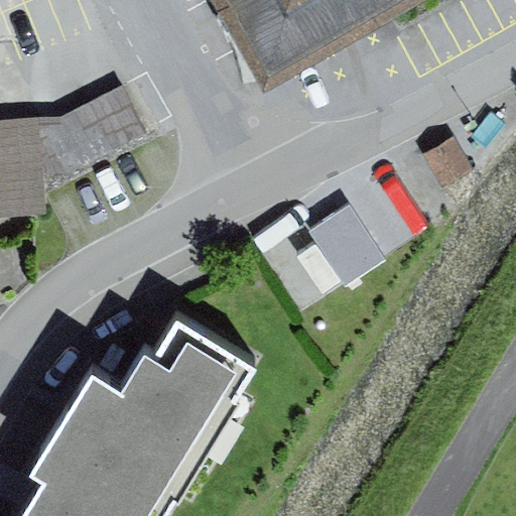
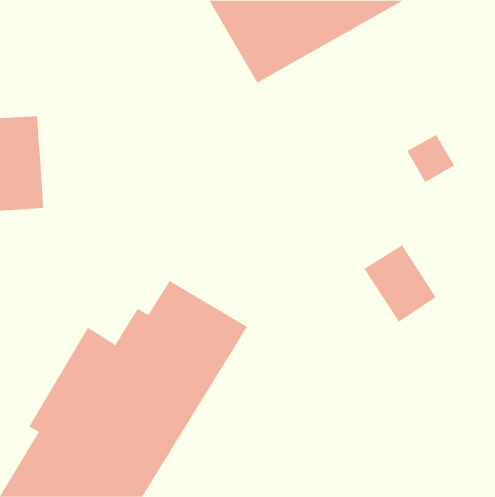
building: [39,88,152,196] -> none
building: [306,199,382,279] -> [364,245,437,322]

